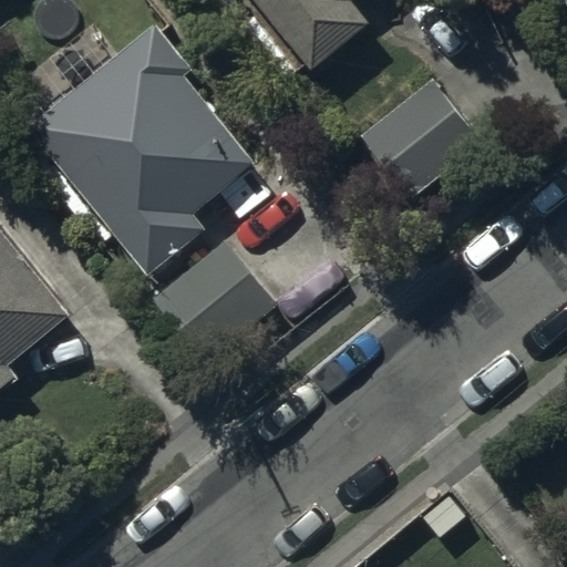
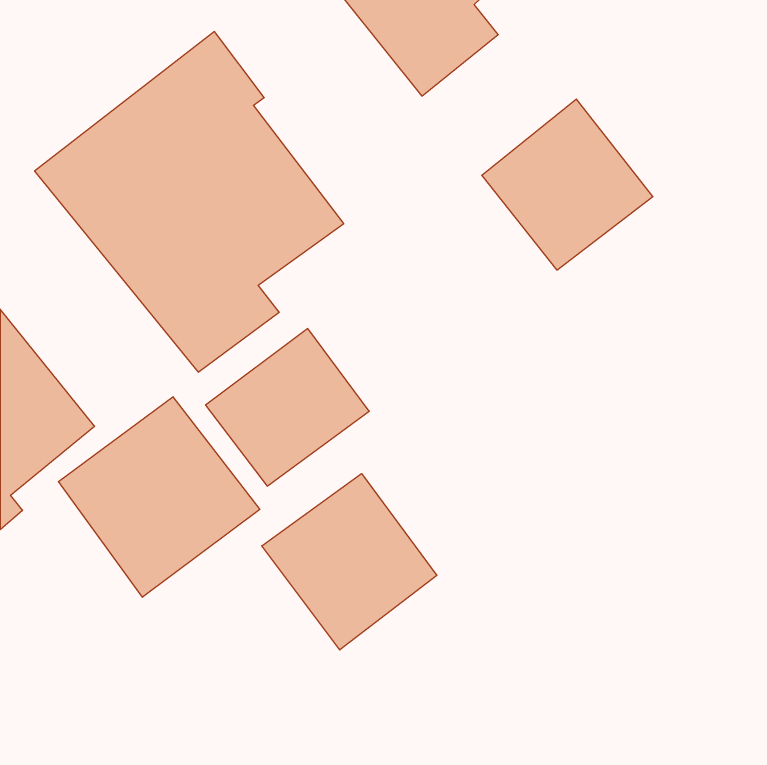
building: none -> [58,397,260,597]
building: none -> [262,474,437,650]

